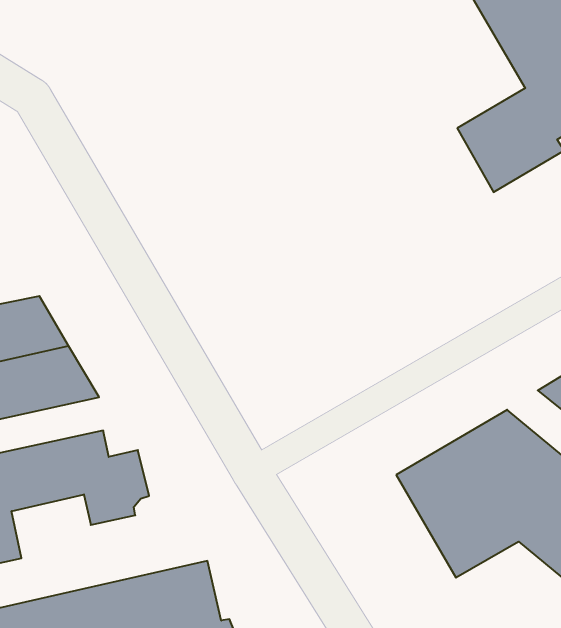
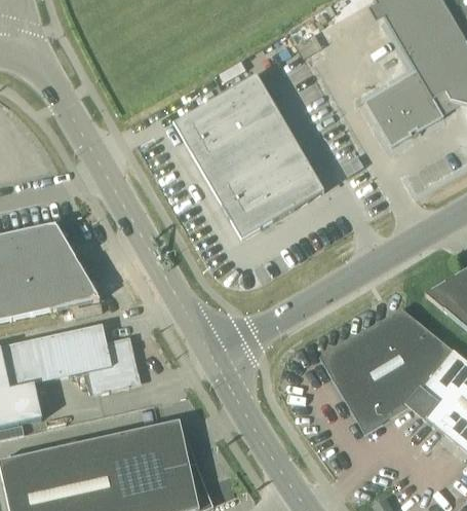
building: none -> [173,73,324,239]

